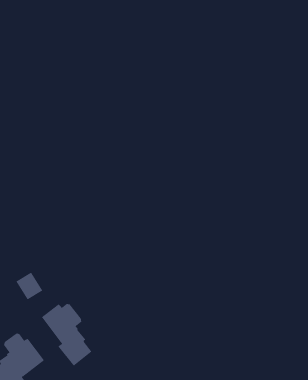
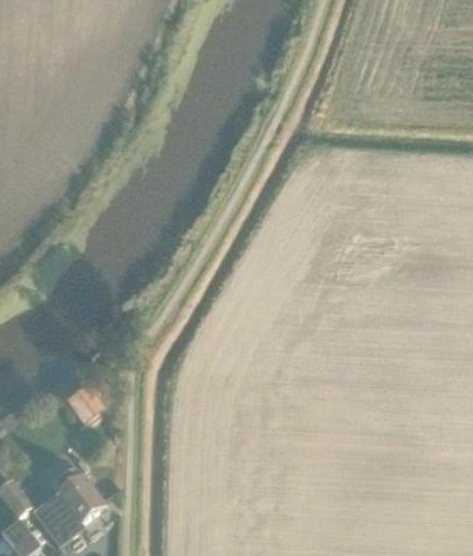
building: [41,303,92,366] -> none

